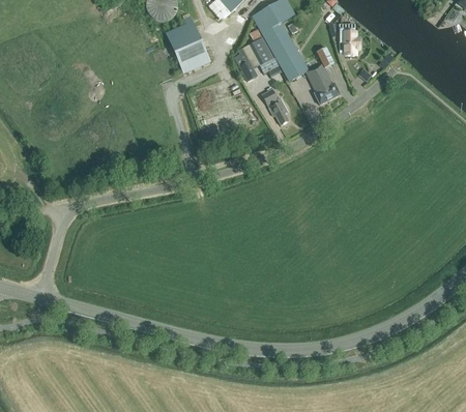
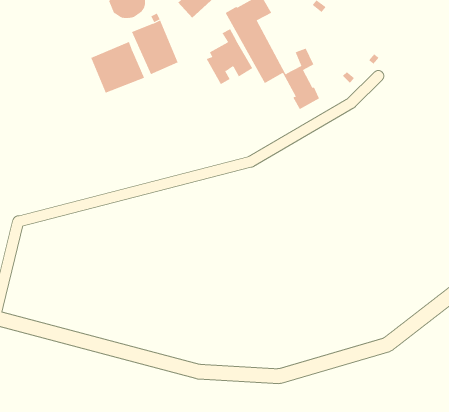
building: [340,23,359,54] -> none
building: none -> [91,41,145,93]
building: [262,90,288,125] -> none

